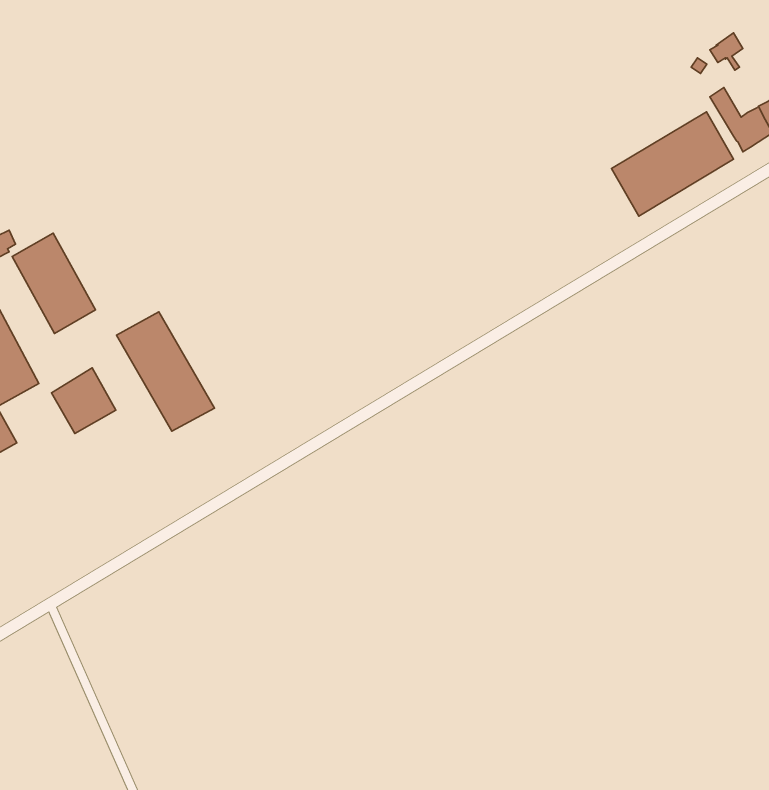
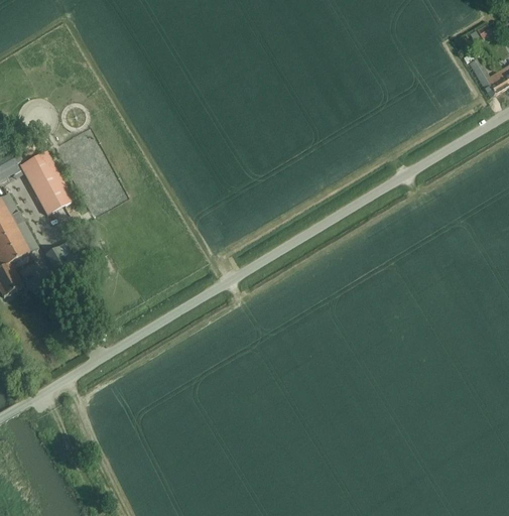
building: [612,112,734,216] -> none
building: [116,312,214,431] -> none

